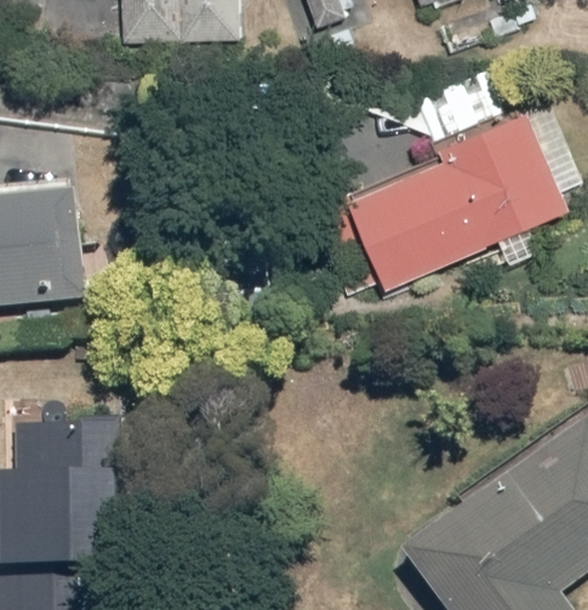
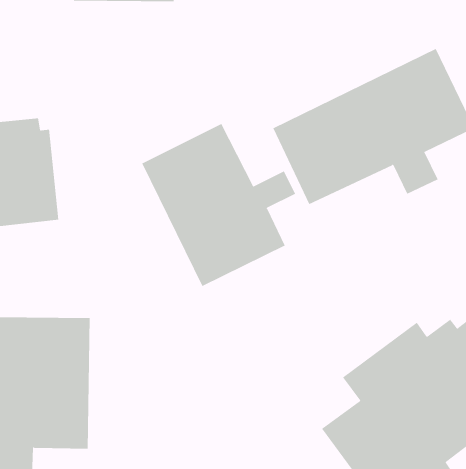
building: none -> [142,123,296,287]

